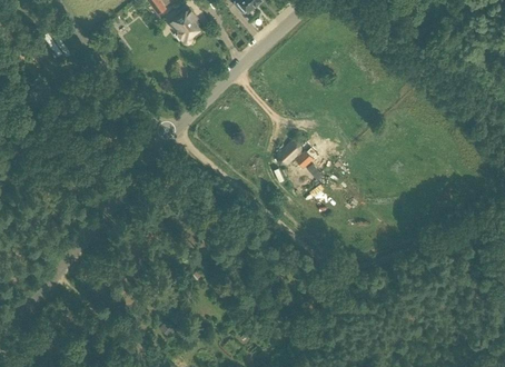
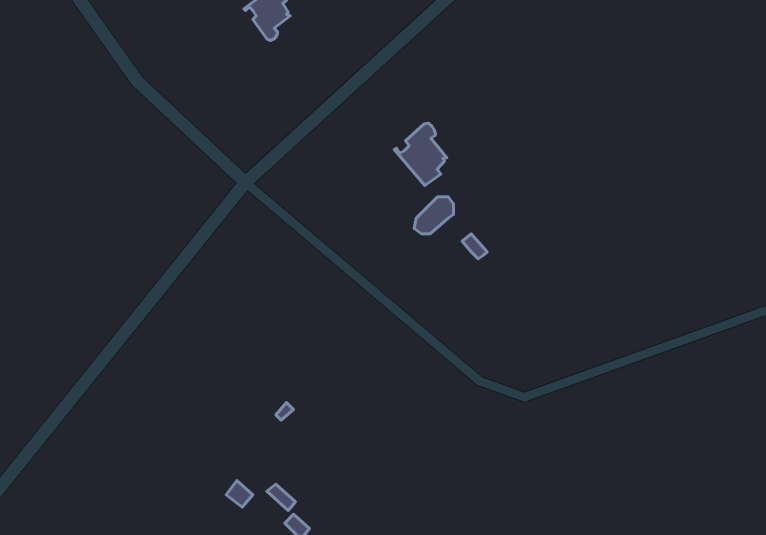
building: none -> [394,123,447,186]

